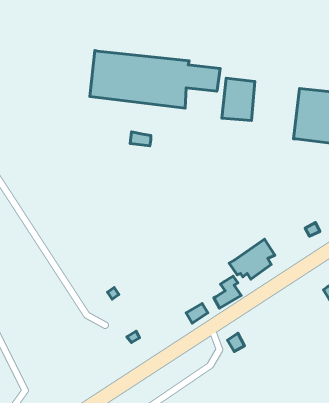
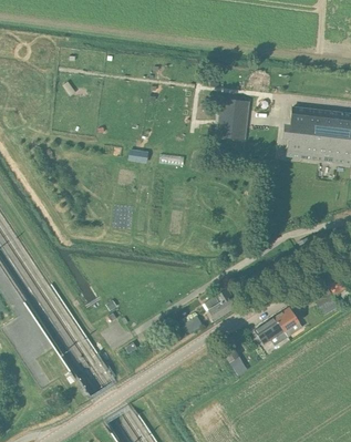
building: [90,51,220,108] -> none
building: [229,239,275,279] -> [254,307,298,346]

